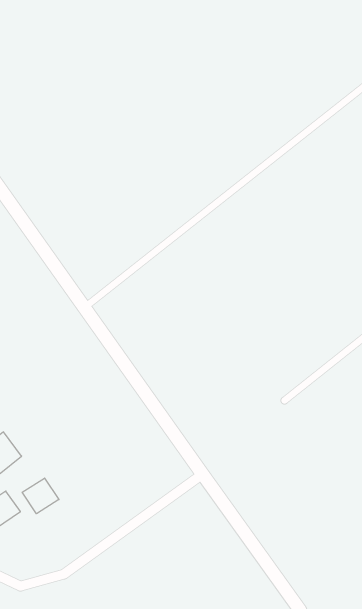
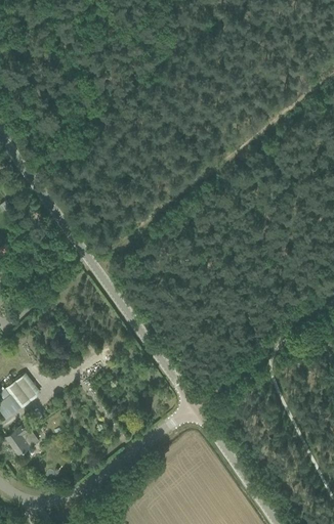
building: [22,478,59,514] -> none

